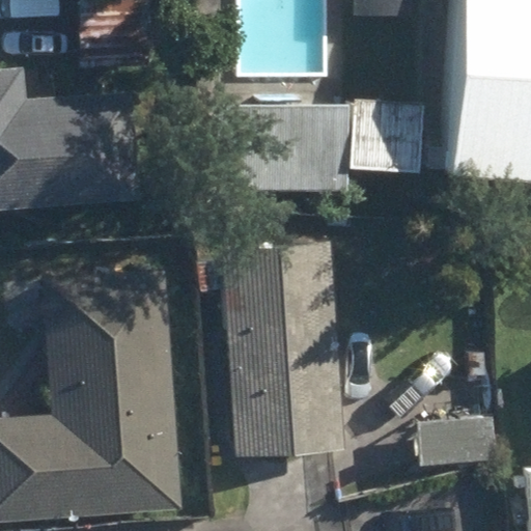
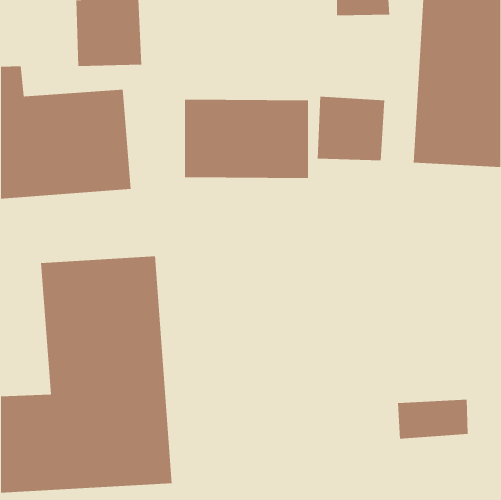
building: [198,248,343,456] -> none

